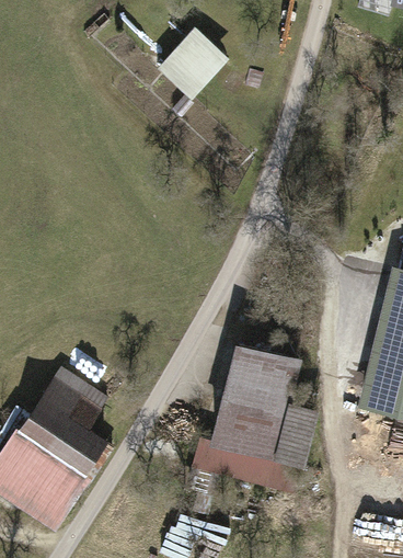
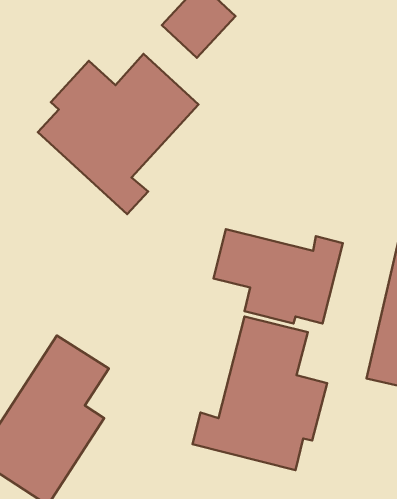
building: none -> [38,54,198,214]
building: none -> [213,229,343,324]

